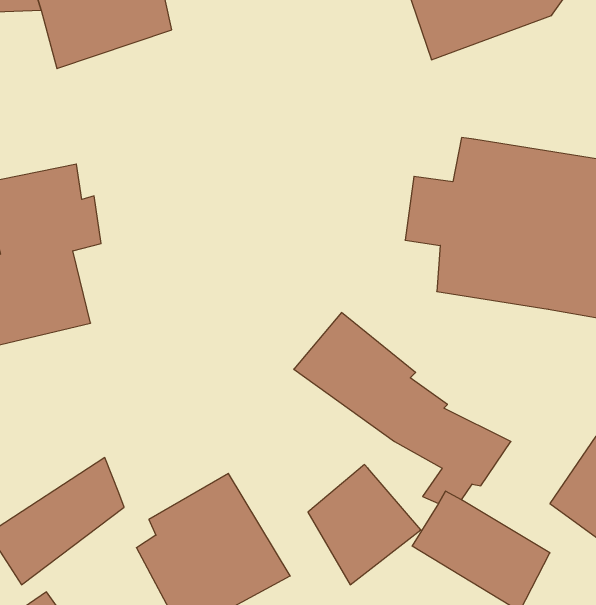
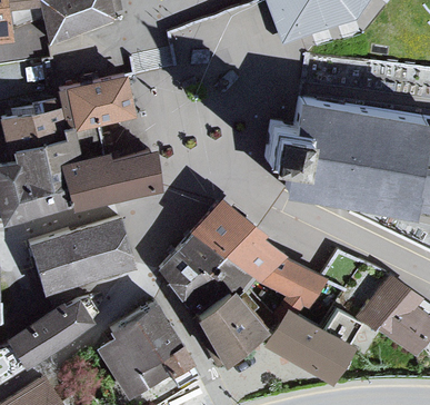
building: none -> [58,77,131,131]
building: none -> [56,147,156,210]
building: none -> [32,216,133,289]
building: none -> [160,235,258,325]

